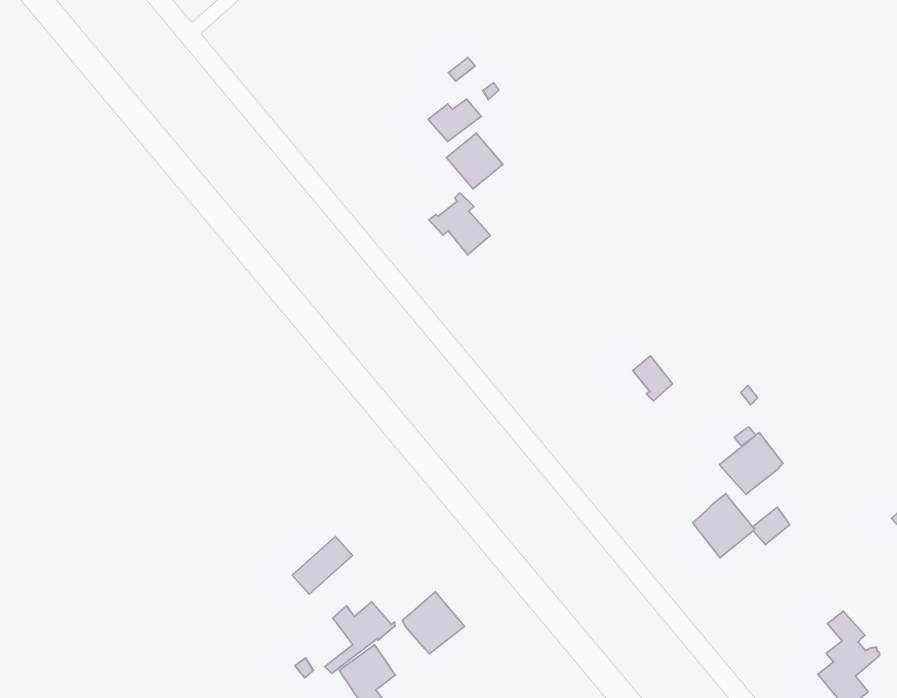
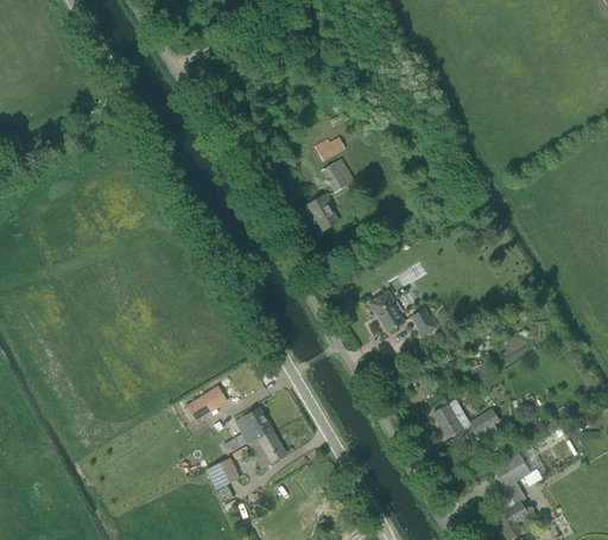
building: none -> [368,291,404,331]
building: [720,433,783,494] -> none
building: none -> [492,444,545,488]
building: none -> [235,407,272,444]

